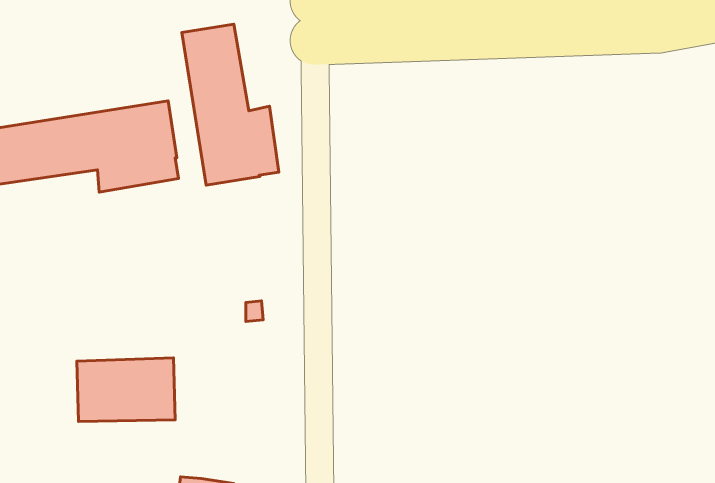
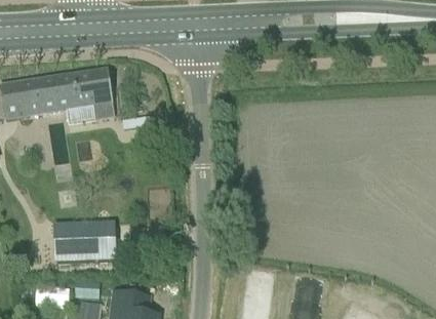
building: [182,24,279,185] -> none

